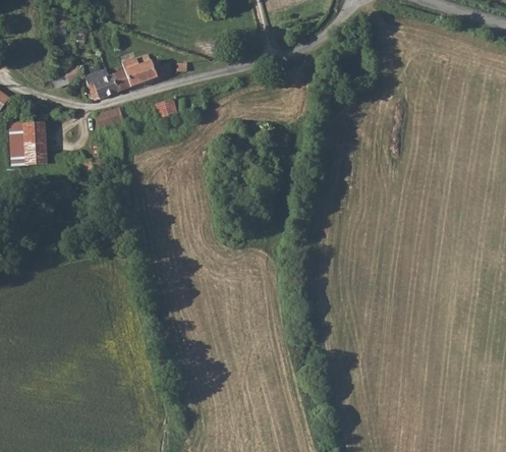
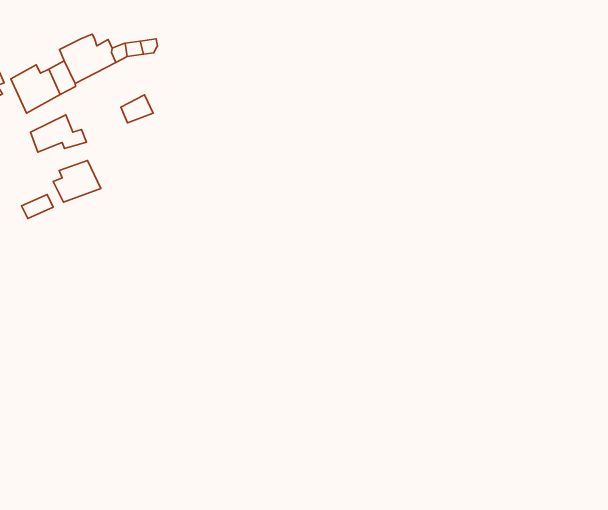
building: none -> [53,160,101,202]

